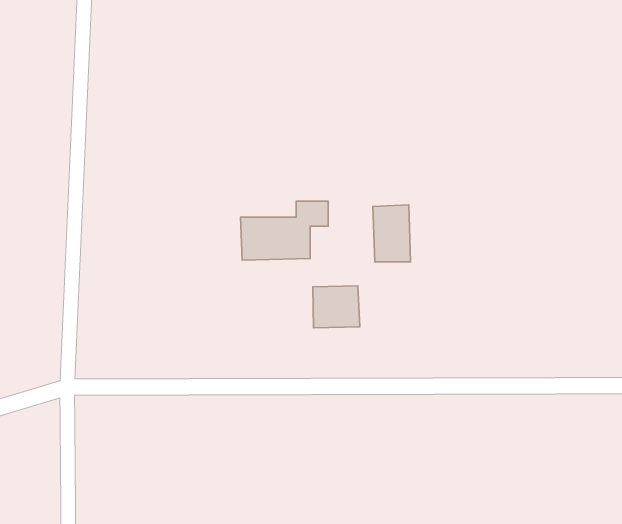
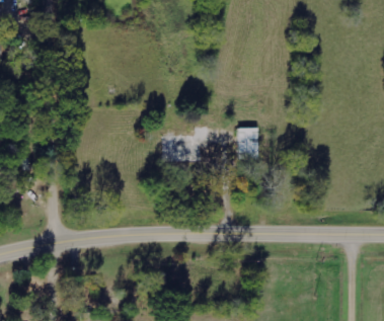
building: [313,286,360,328] -> none

